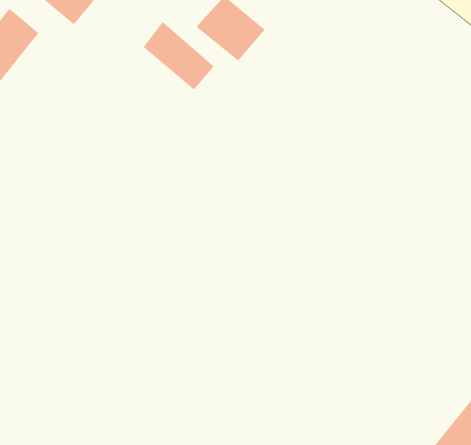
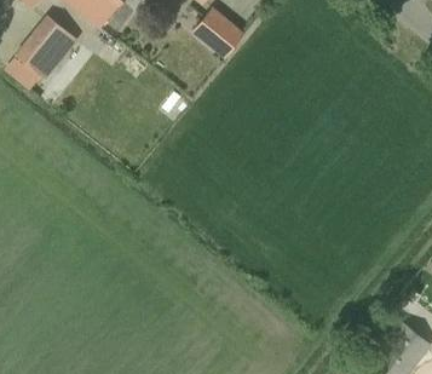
building: [143,21,214,91] -> none

